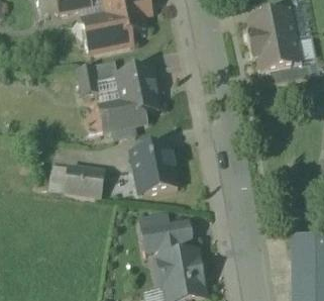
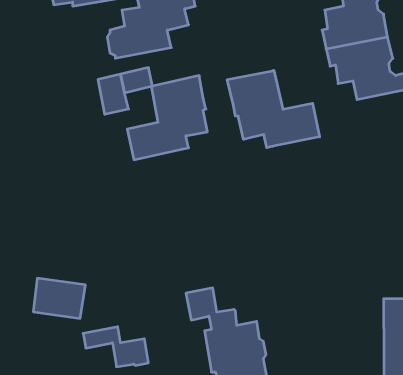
building: none -> [227,70,320,148]
building: [131,142,179,194] -> none
building: [65,166,104,196] -> [33,278,85,318]
building: [141,213,191,243] -> [83,327,148,367]

